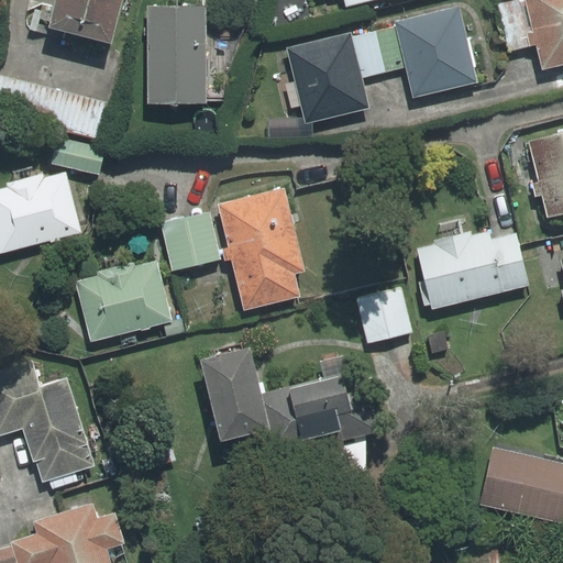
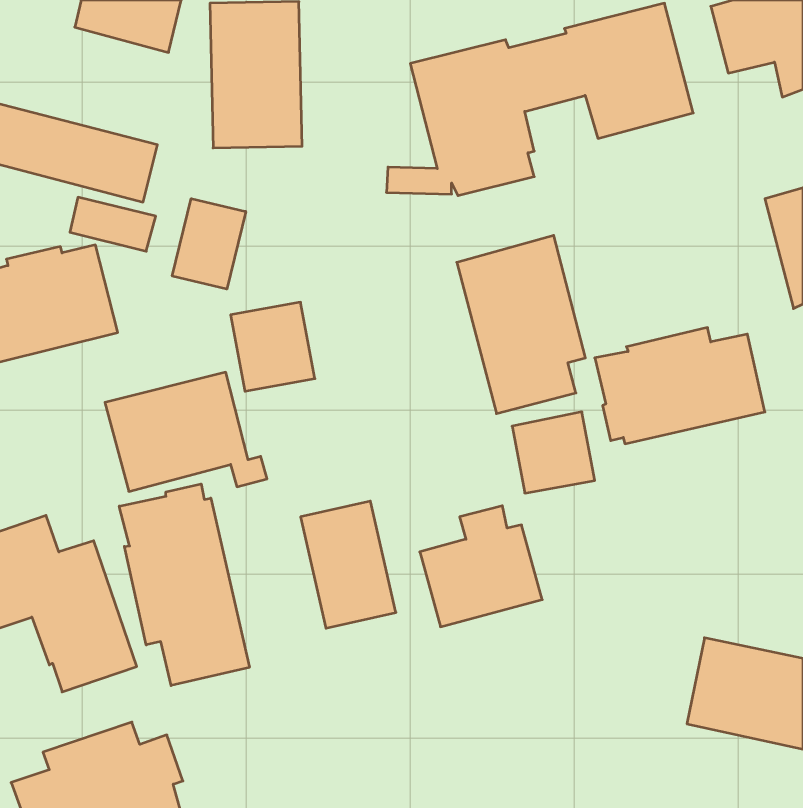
building: none -> [172,199,246,289]
building: [218,187,307,310] -> [457,235,585,414]
building: none -> [119,484,249,686]

